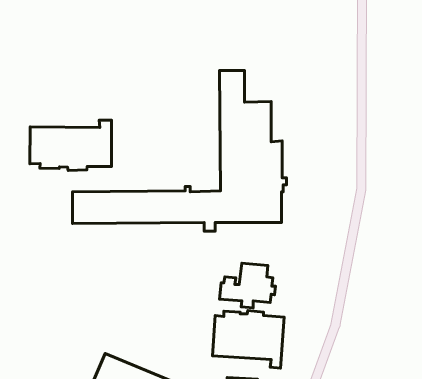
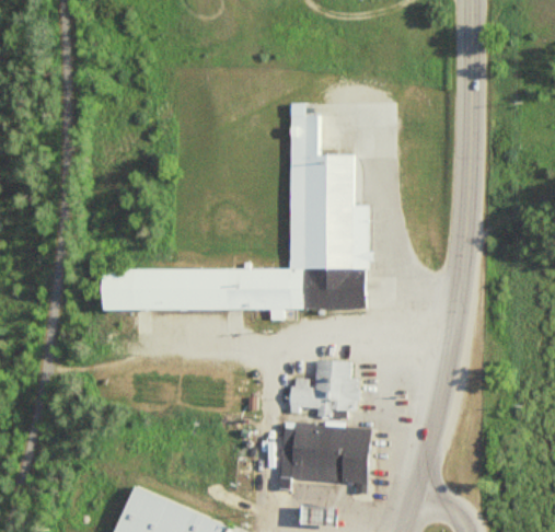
building: [30,120,112,170] -> none

